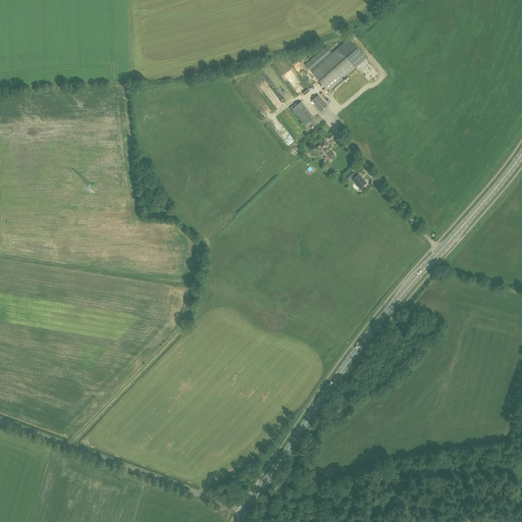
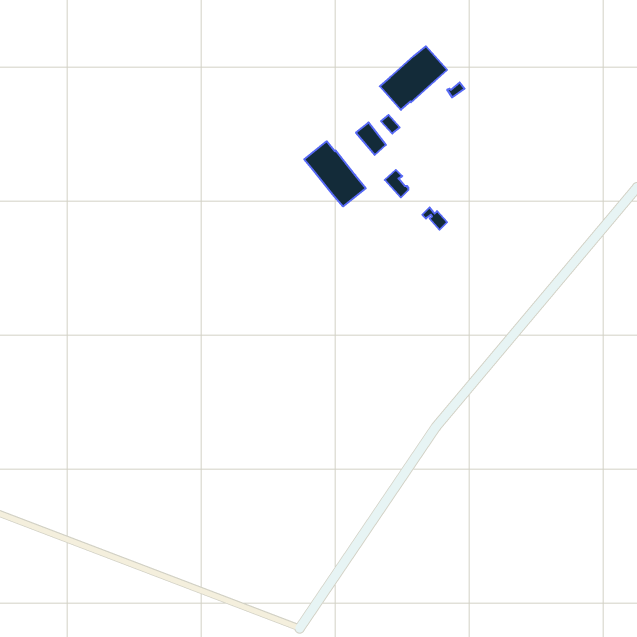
building: none -> [304,141,366,206]

